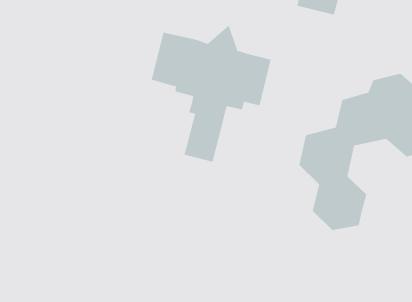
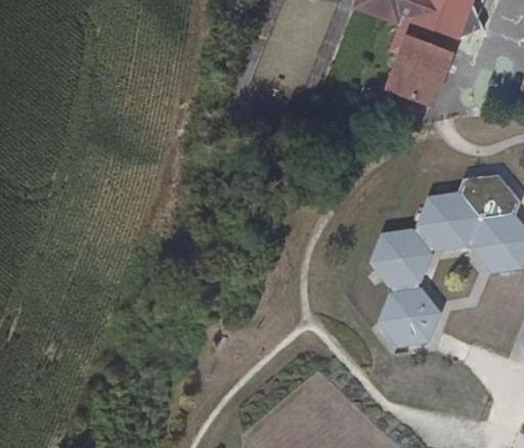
building: [151,24,271,163] -> none

